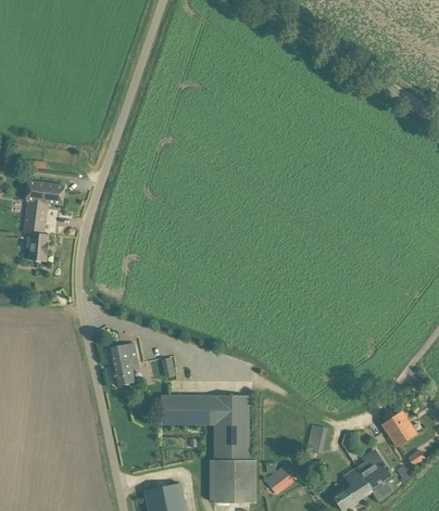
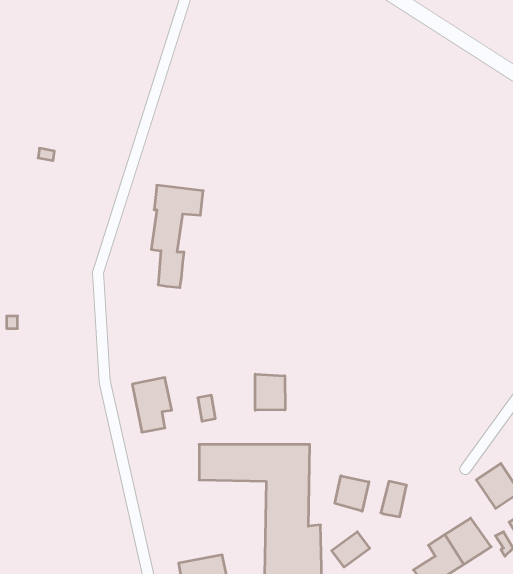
building: [23,181,64,263] -> [151,185,203,288]
building: none -> [255,374,285,410]
building: none -> [335,476,369,511]

